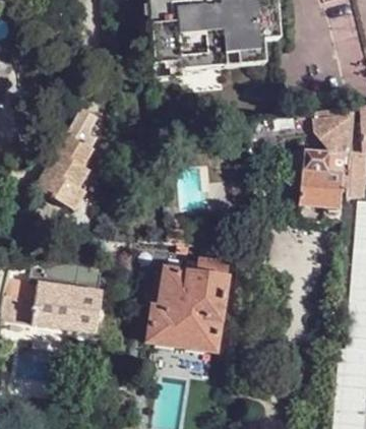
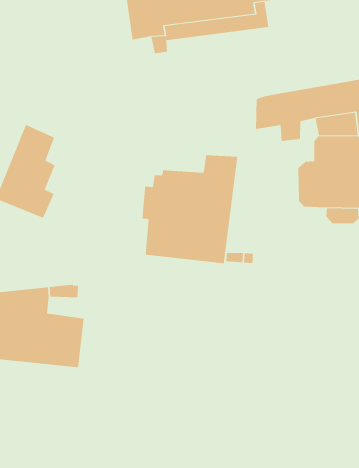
building: [149,259,231,349] -> [141,155,238,264]

